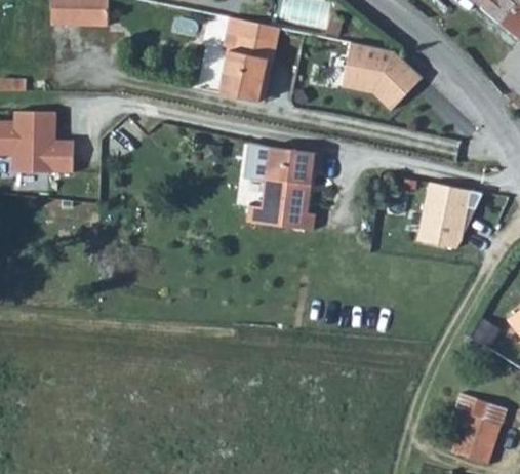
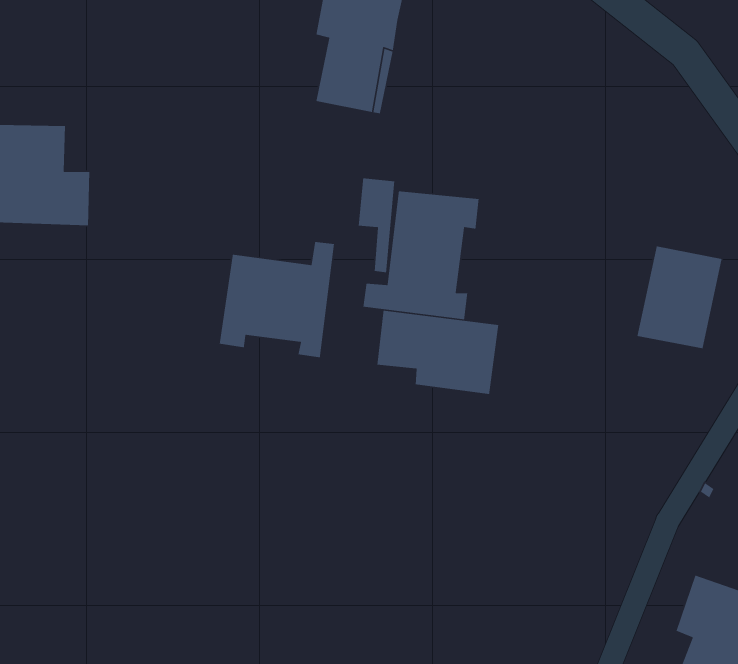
building: [347,43,428,112] -> none
building: none -> [219,241,335,358]
building: none -> [376,310,499,395]

